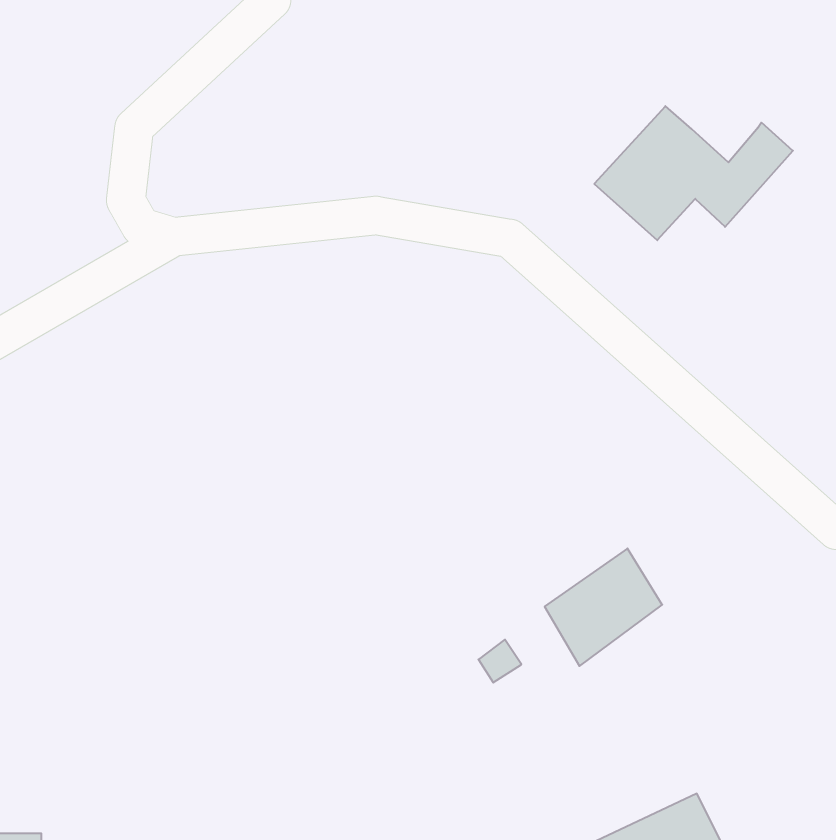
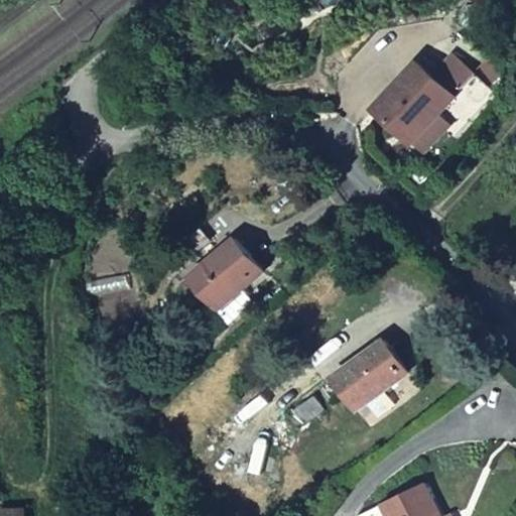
building: none -> [421,62,462,103]
building: none -> [190,233,264,300]

